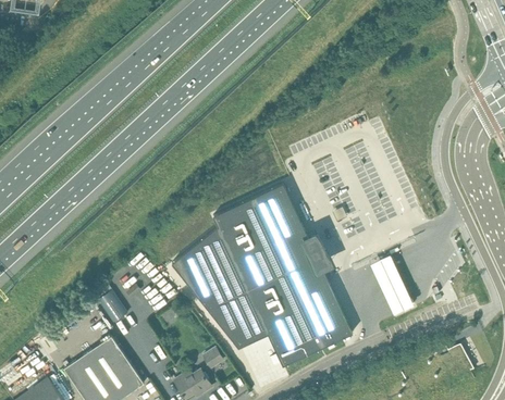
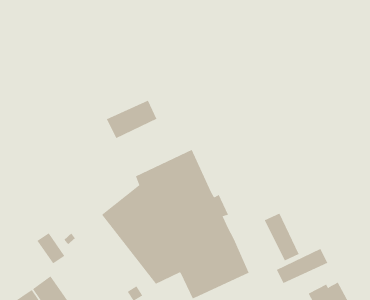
building: none -> [106,100,157,139]
building: none -> [276,248,328,284]

